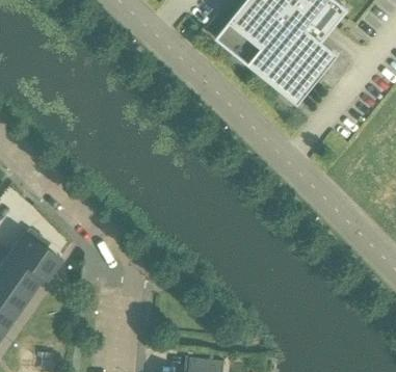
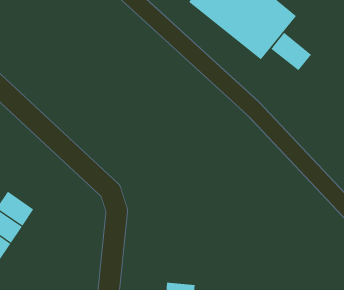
building: none -> [270,32,312,74]
building: [9,230,57,277] -> none

